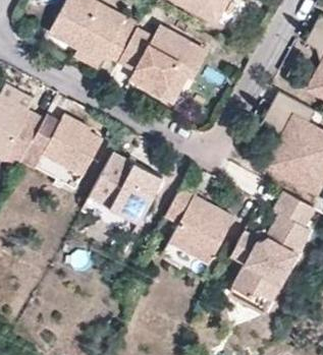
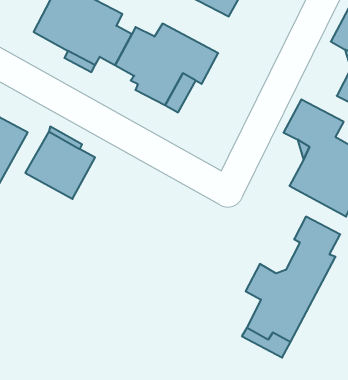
building: [90,152,164,225] -> none
building: [162,189,234,278] -> none

